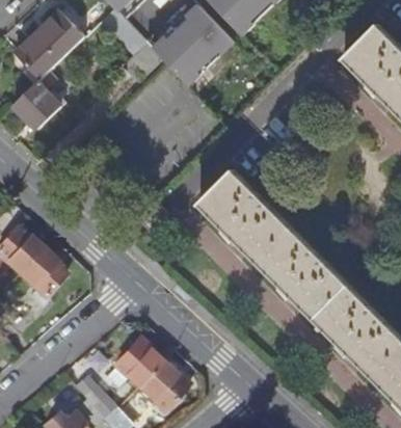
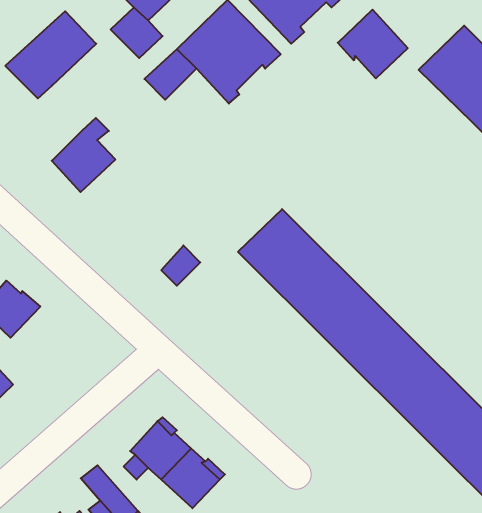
building: none -> [338,10,408,78]
building: [12,71,63,130] -> [52,118,115,192]
building: [15,247,62,295] -> none

